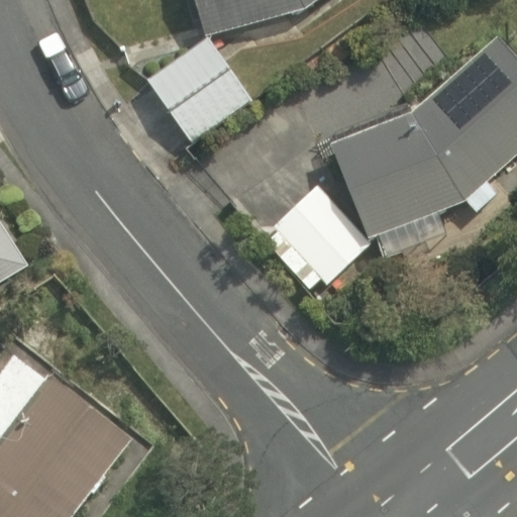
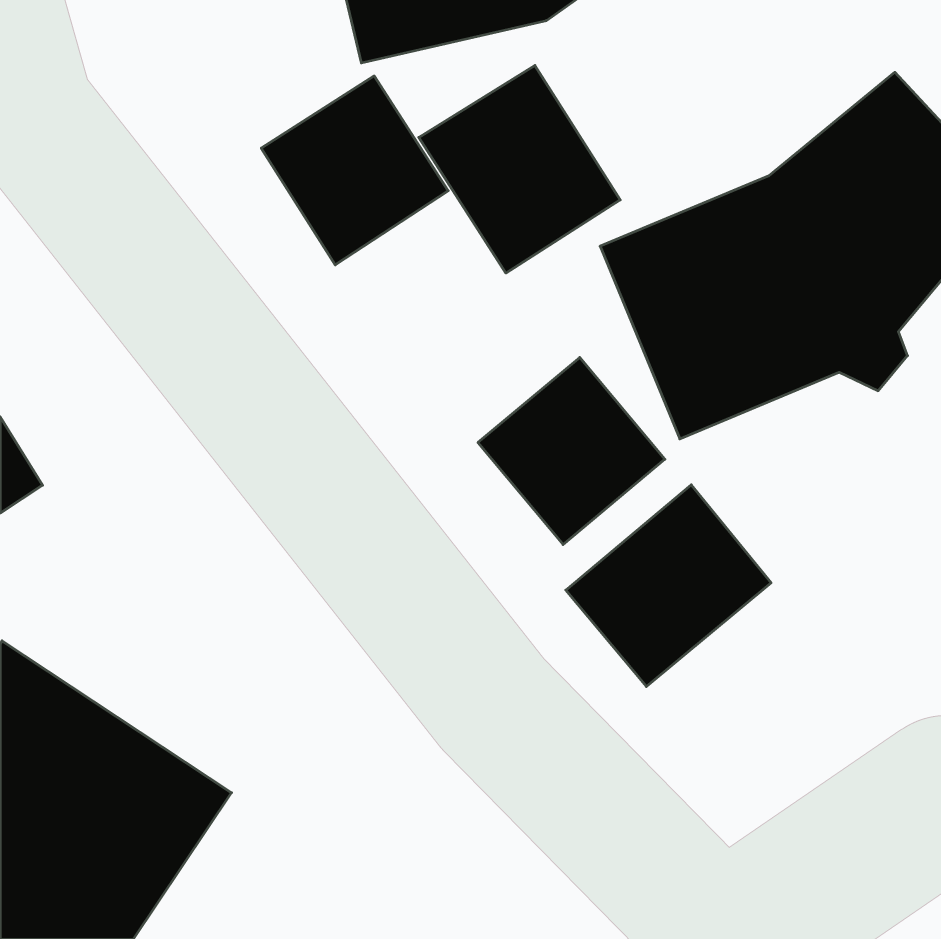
building: none -> [419,65,620,273]
building: none -> [566,485,771,687]

